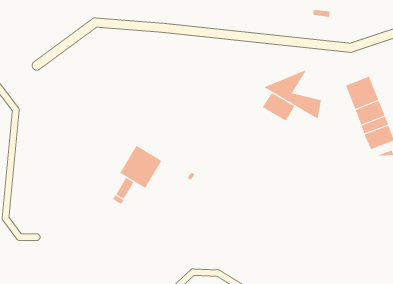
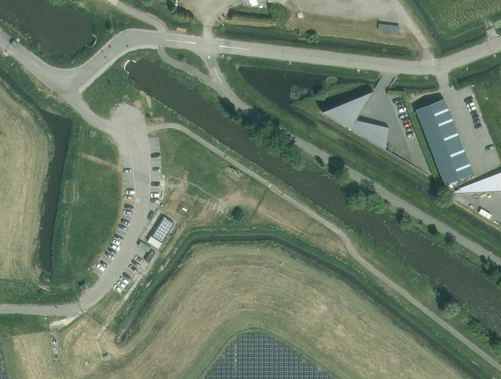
building: [262,92,295,121] -> none
building: [119,145,162,189] -> none

